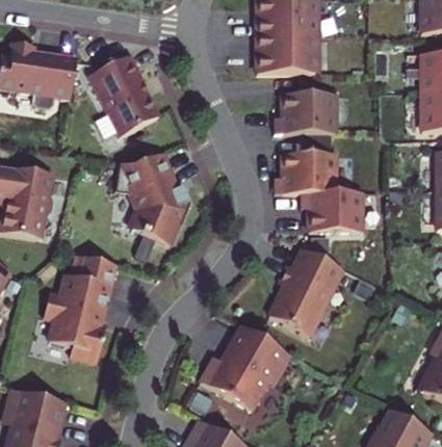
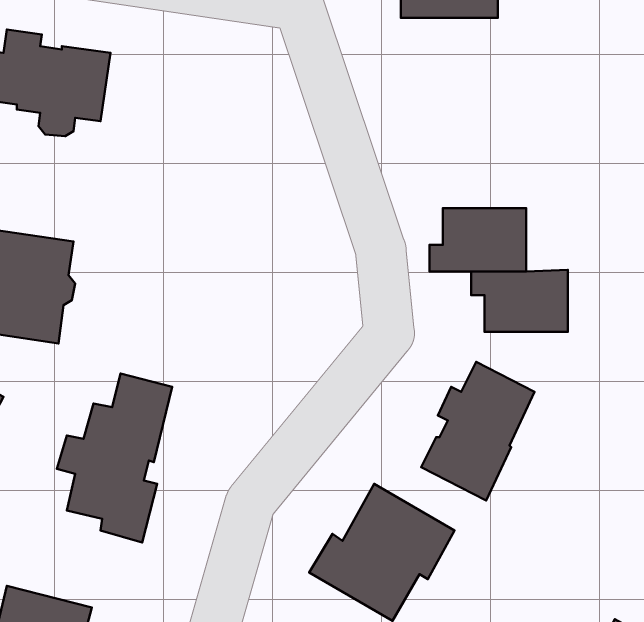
building: [257,33,317,71] -> none
building: [88,53,158,134] -> none
building: [275,91,335,131] -> none
building: [114,151,190,242] -> none

